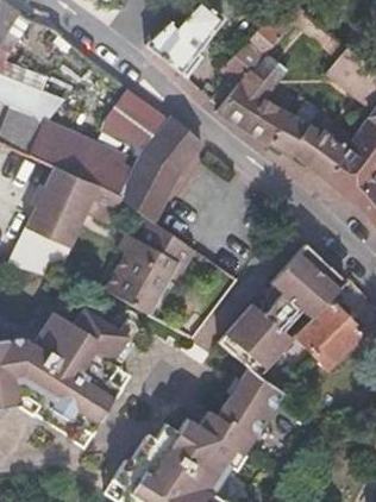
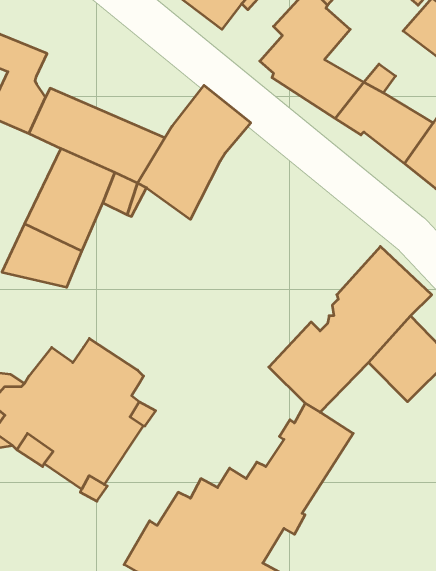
building: [99,89,167,149] -> none
building: [105,222,194,313] -> none

